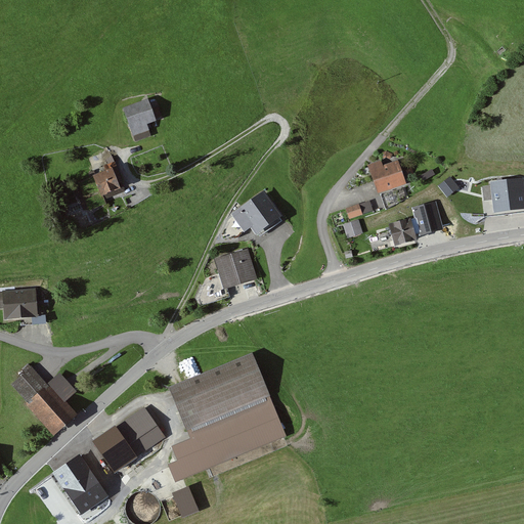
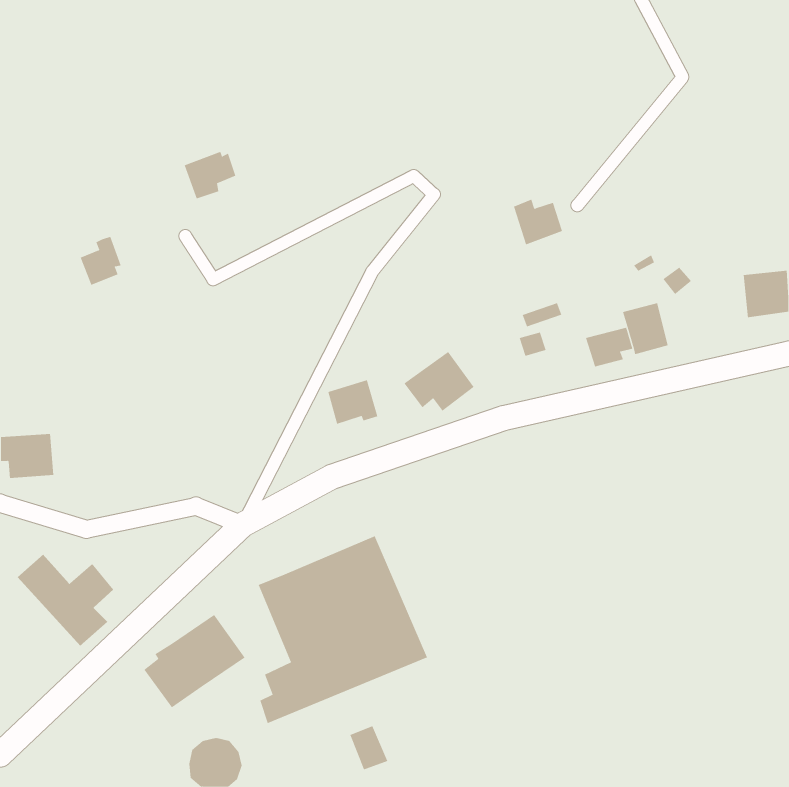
building: [368,160,401,190] -> [513,199,563,245]
building: [92,162,120,194] -> [80,236,122,285]
building: [232,192,279,232] -> [404,351,475,411]
building: [52,454,108,516] -> none
building: [173,486,199,516] -> [350,726,388,770]

